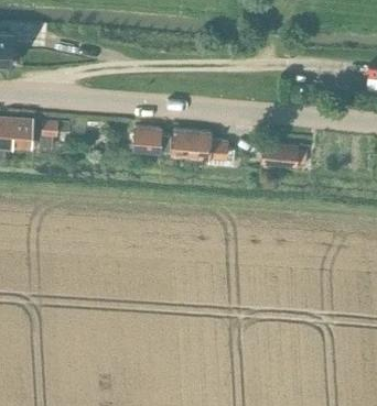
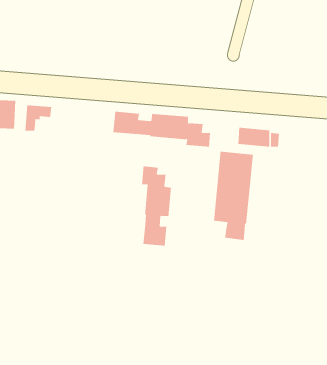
building: none -> [213,151,253,241]
building: none -> [141,166,171,246]

